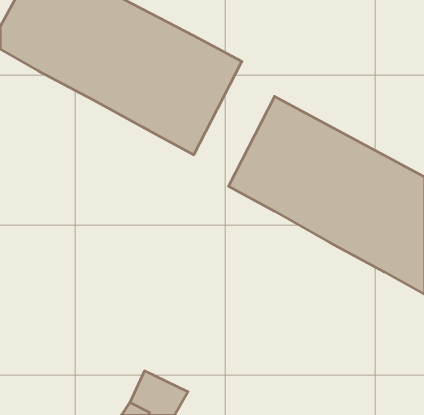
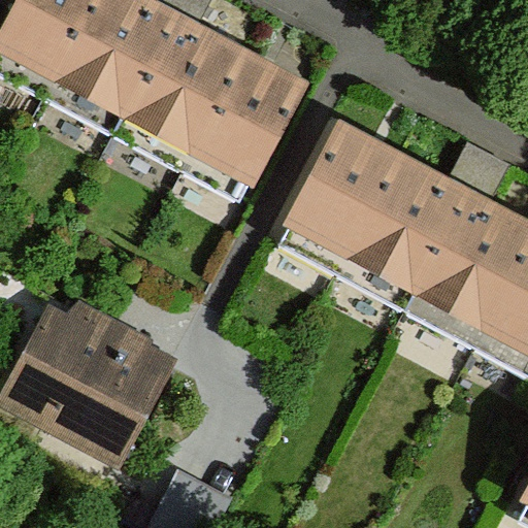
building: none -> [21,303,172,448]

